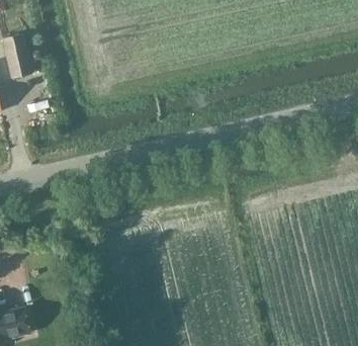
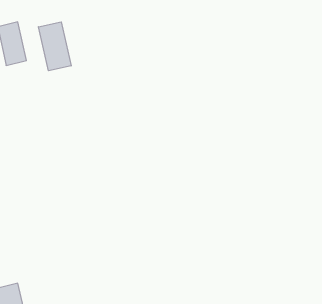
building: none -> [38,22,71,71]

